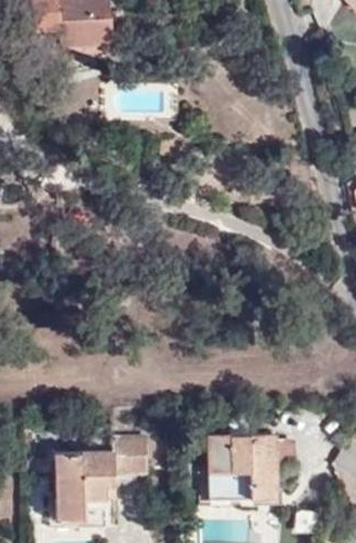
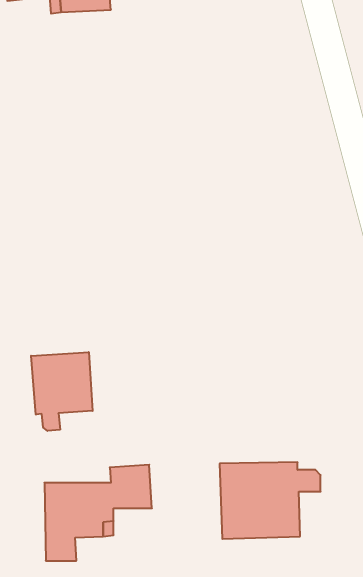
building: none -> [31,352,93,431]

